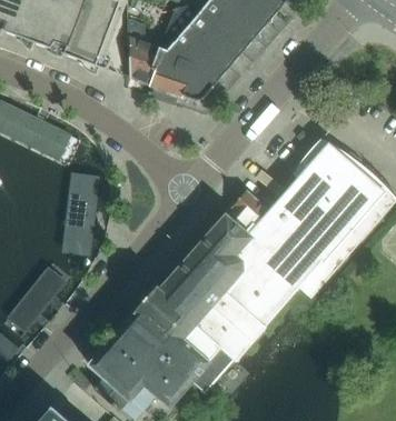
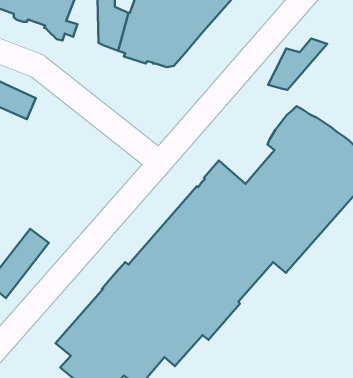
building: none -> [268,38,327,90]
building: [72,176,102,245] -> none

